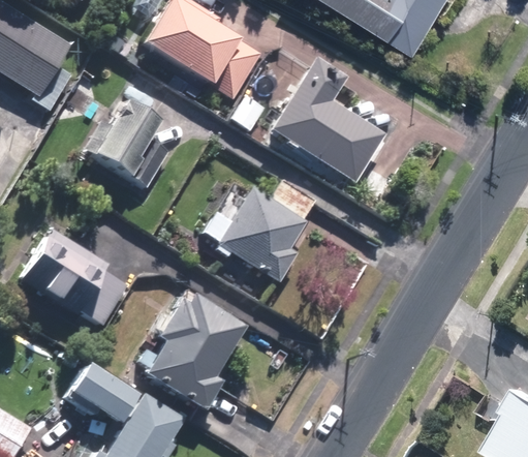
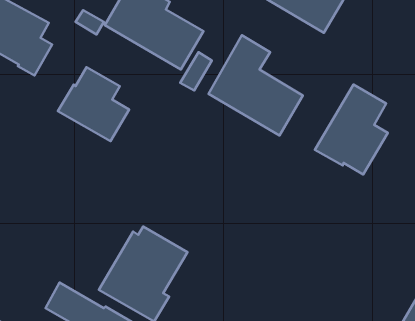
building: none -> [315,84,388,175]
building: [201,177,321,281] -> none
building: [22,226,130,329] -> none

